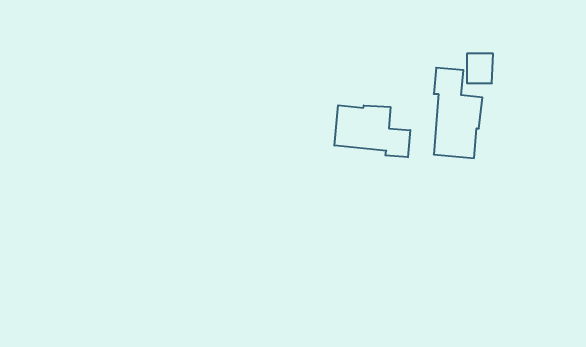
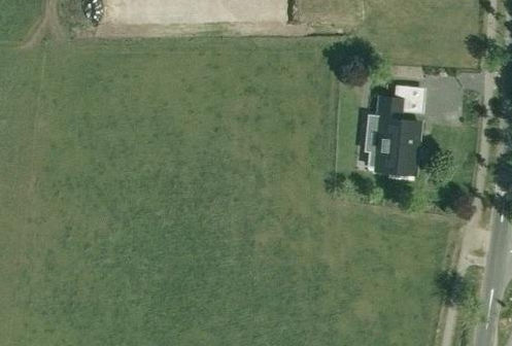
building: [334,105,410,157] -> none

